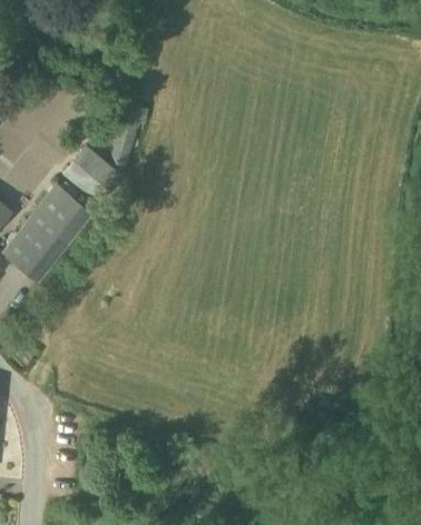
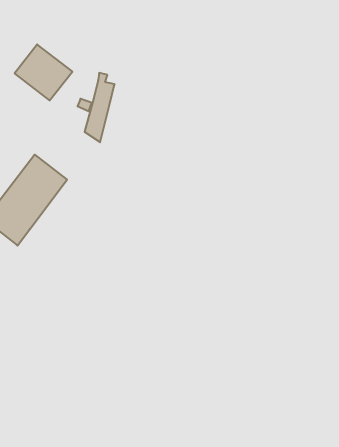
building: [60,147,123,207] -> [15,44,72,100]

